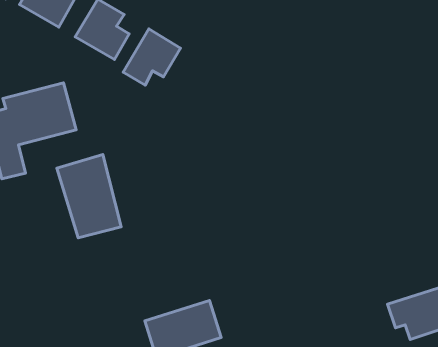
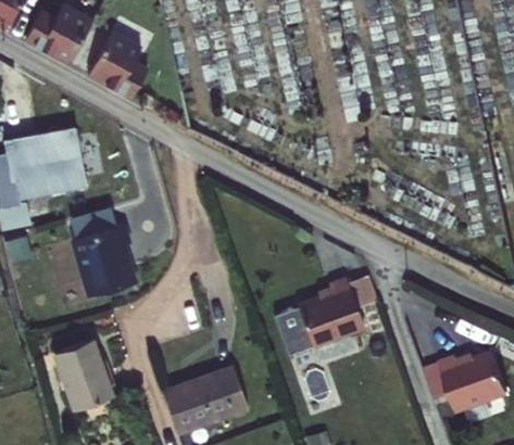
building: [123,29,181,85] -> none
building: none -> [278,278,377,355]
building: none -> [58,339,112,408]

